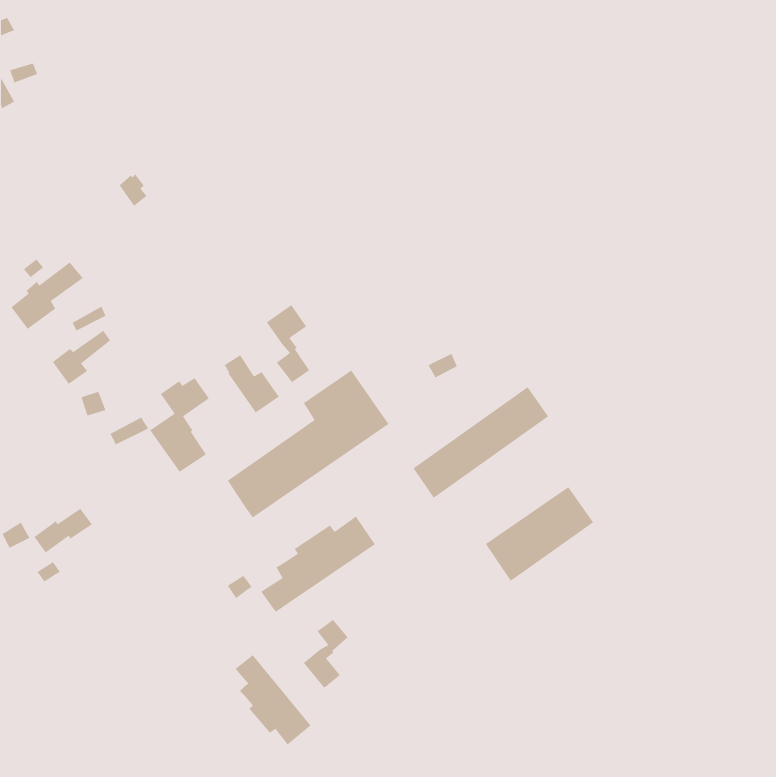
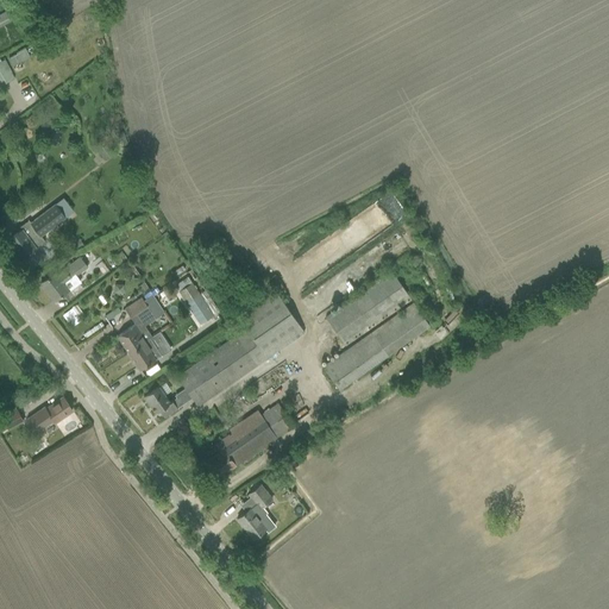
building: [266,304,310,383] -> none
building: [485,486,594,582] -> [326,271,412,346]
building: none -> [145,385,182,417]
building: [234,654,312,746] -> none

